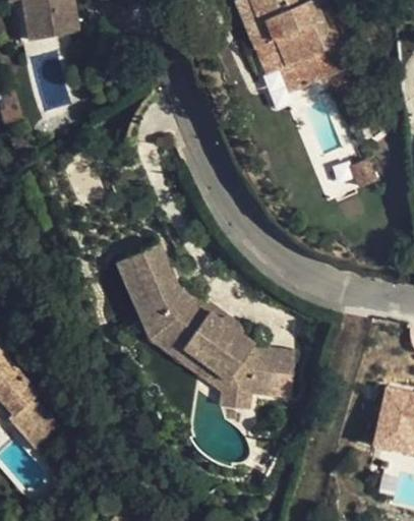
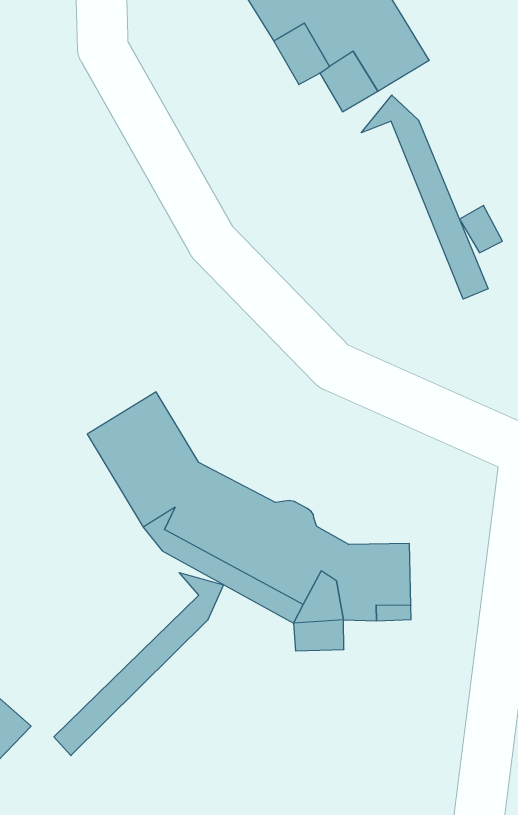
building: none -> [361,95,488,299]
building: none -> [54,573,224,756]

